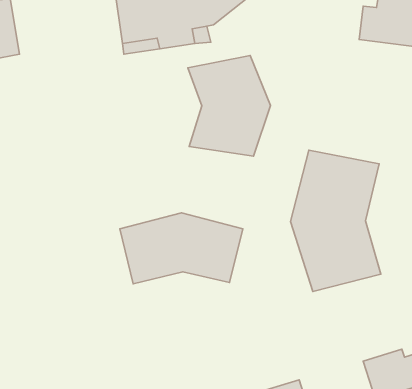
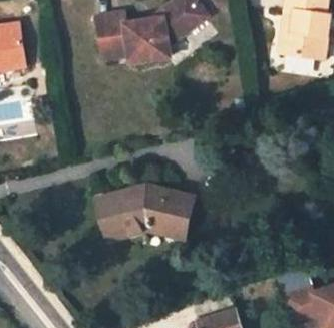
building: [188,56,271,156] -> none
building: [290,150,381,291] -> none

